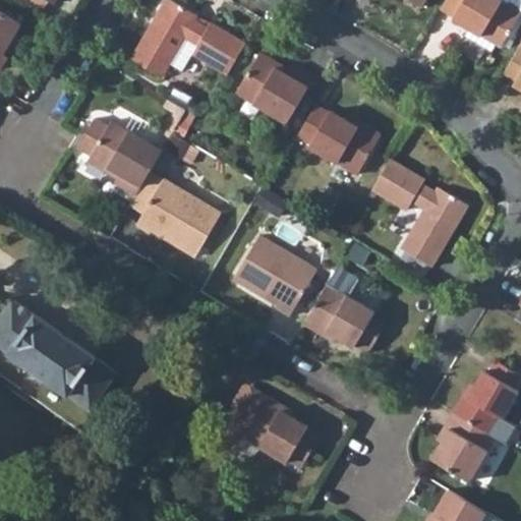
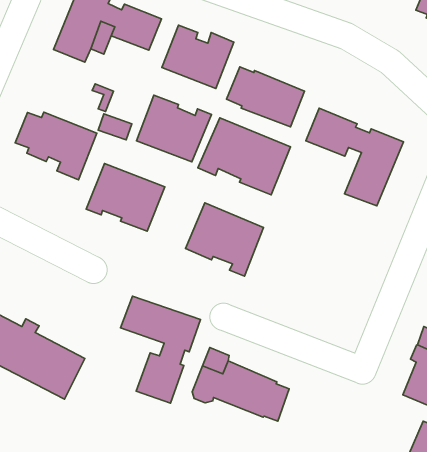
building: none -> [137,95,211,162]
building: none -> [198,118,291,195]
building: [305,282,387,351] -> none
building: none -> [120,296,201,403]

